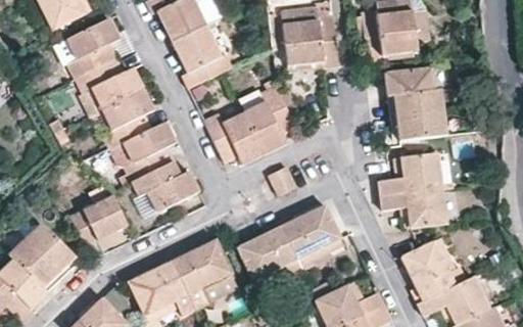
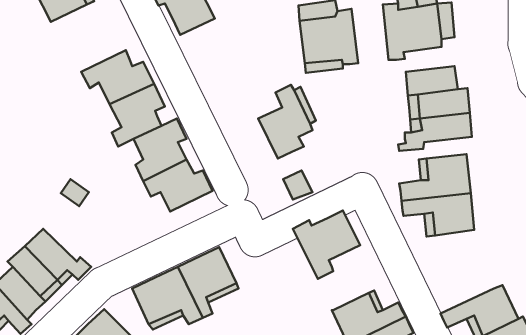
building: [72,14,123,75] -> none
building: [172,25,231,87] -> none
building: [205,116,264,167] -> none
building: [68,192,126,242] -> none
building: [238,223,301,280] -> none
building: [405,242,467,302] -> none

